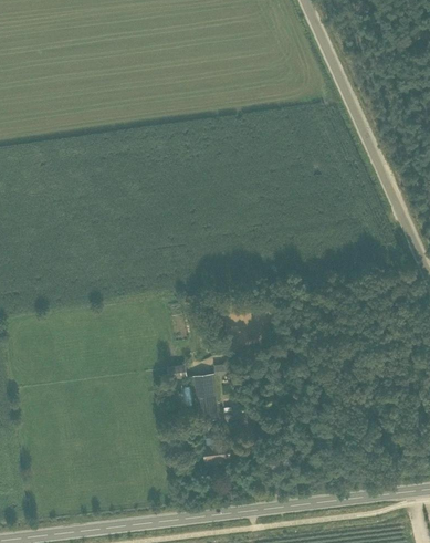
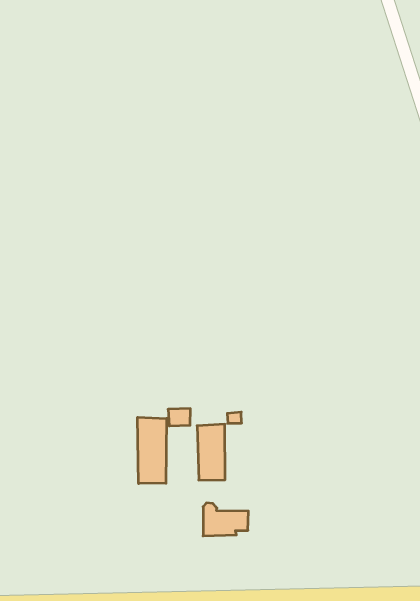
building: none -> [138,417,167,484]

